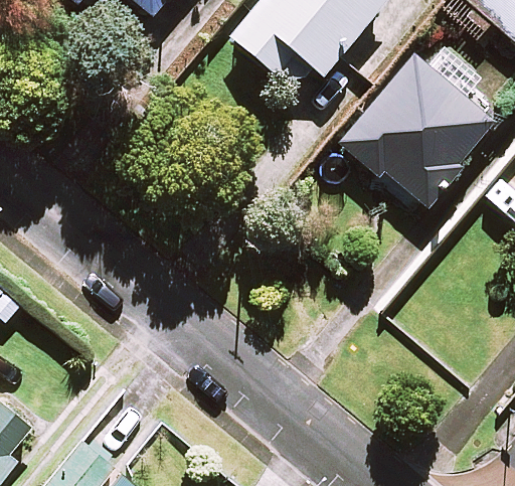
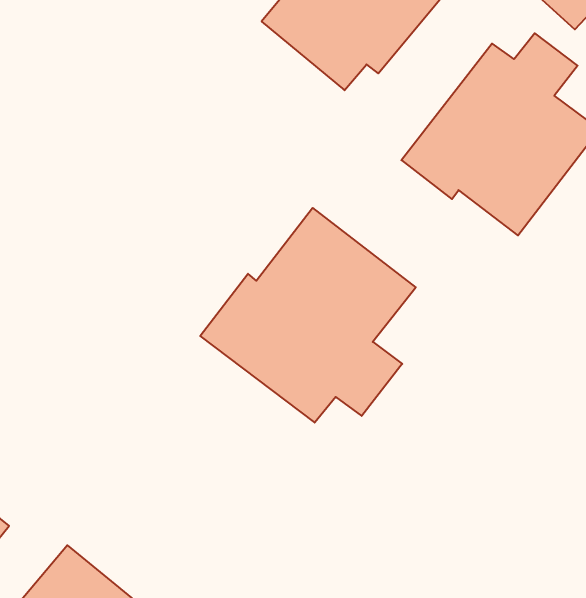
building: none -> [200,208,416,423]

